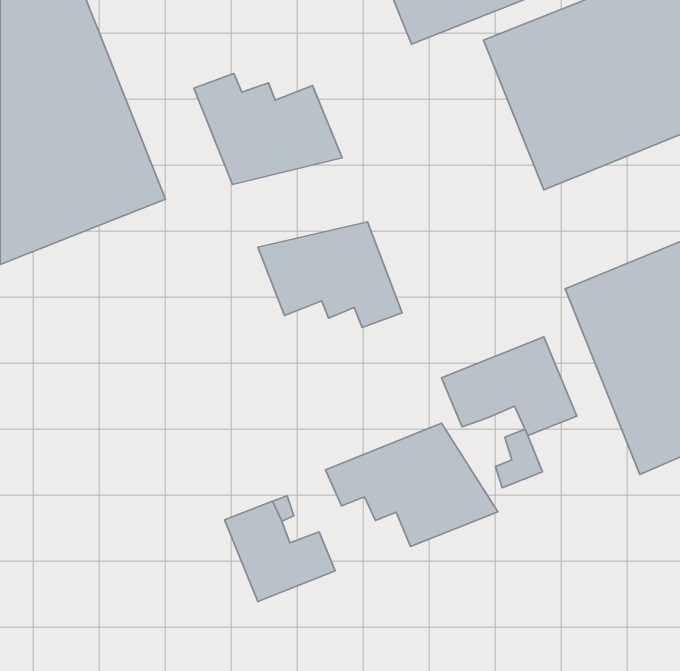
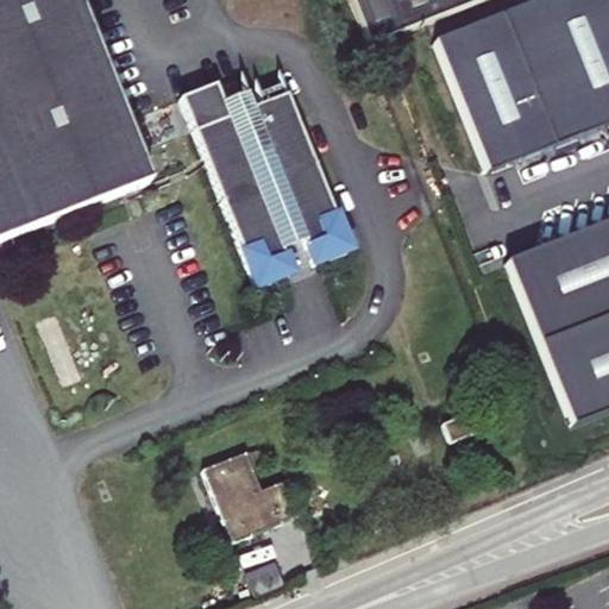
building: none -> [209,140,329,220]
building: [441,337,577,436] -> none
building: [325,423,498,546] -> none

